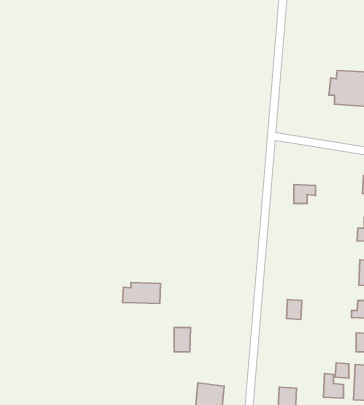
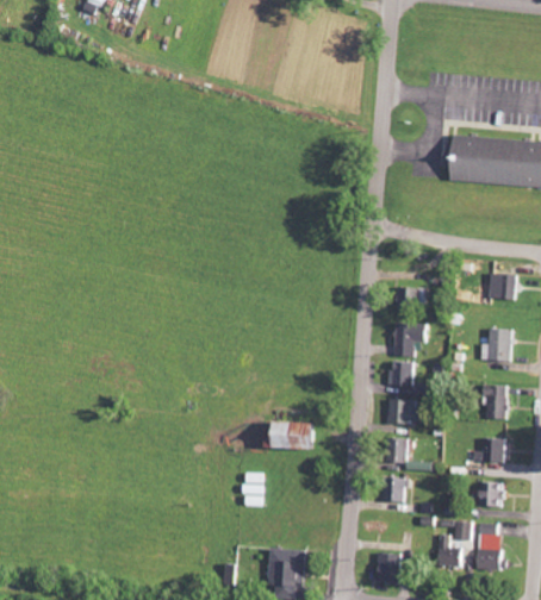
building: none -> [393,323,428,356]
building: none -> [388,361,413,385]
building: none -> [387,399,417,423]
building: [123,283,161,303] -> [266,421,316,449]
building: none -> [384,477,406,501]

